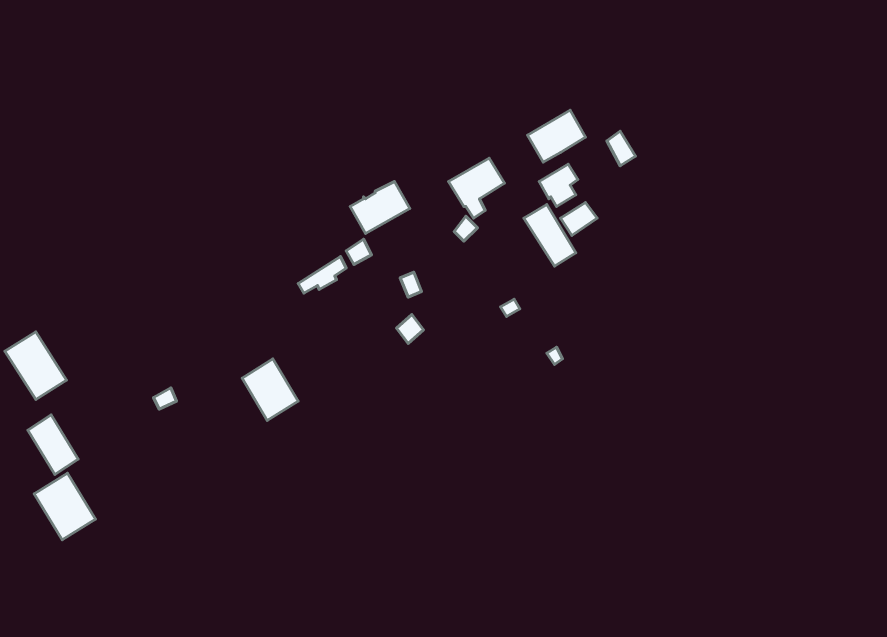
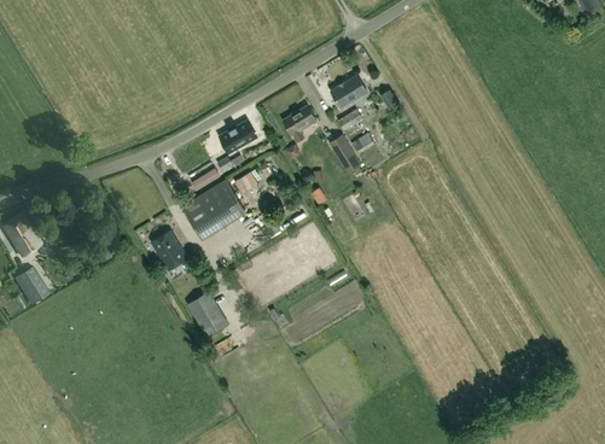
building: none -> [182,180,245,239]
building: none -> [188,291,228,335]
building: [34,473,96,540] -> none

